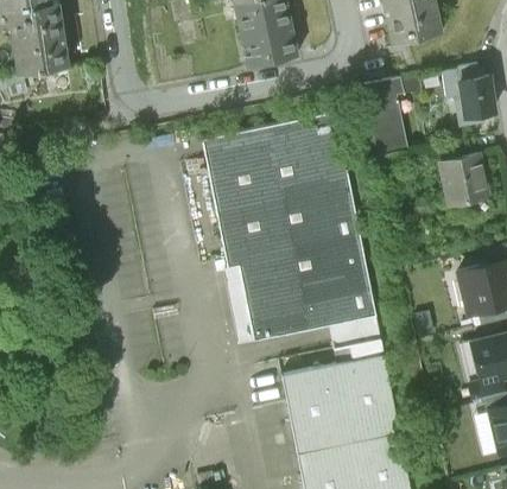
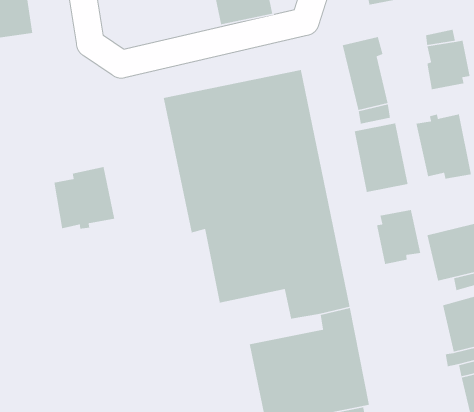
building: none -> [354,122,408,193]
building: none -> [54,166,115,230]
building: none -> [376,209,421,265]

